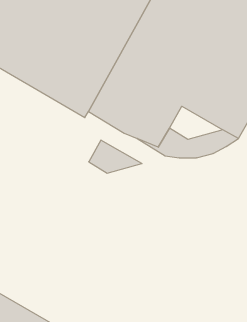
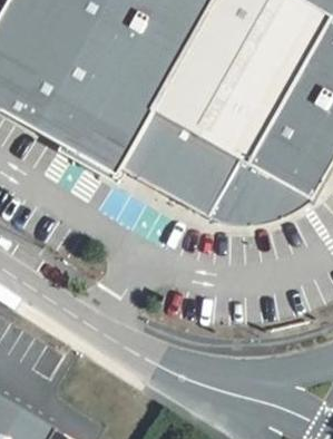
building: [89,140,142,173] -> [222,160,290,203]

